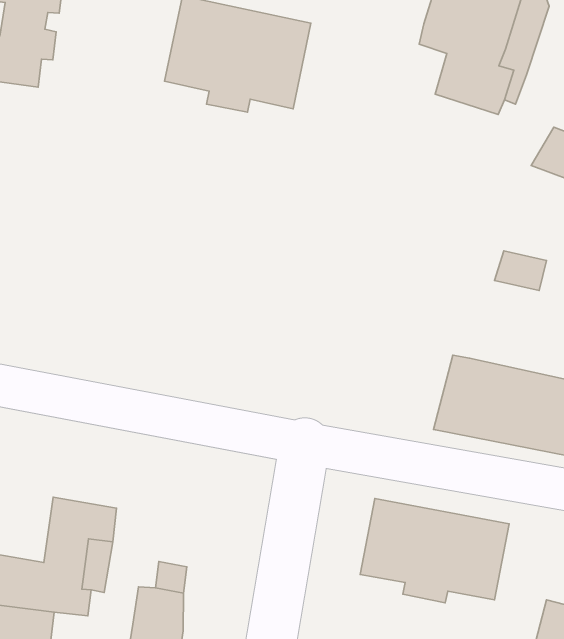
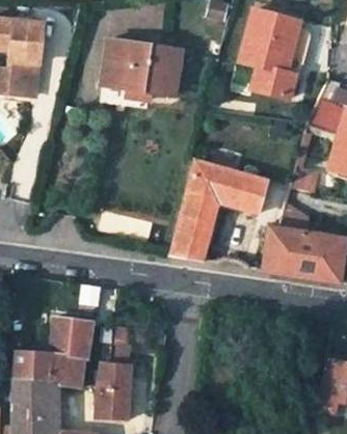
building: none -> [171,163,264,261]
building: [360,499,509,603] -> none

